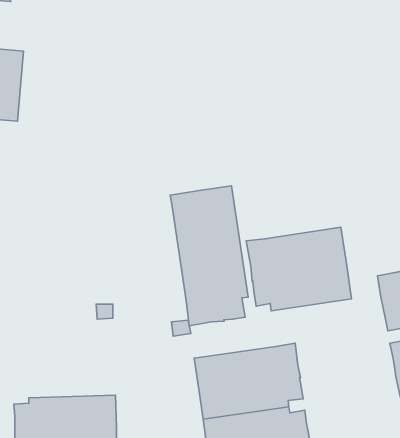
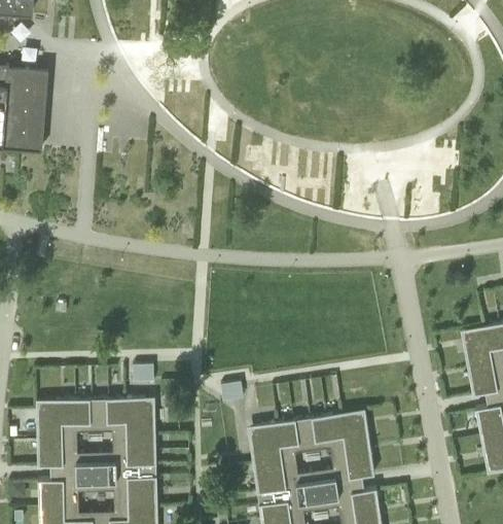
building: [170,186,248,326] -> none
building: [246,227,352,311] -> none
building: none -> [36,398,156,474]

